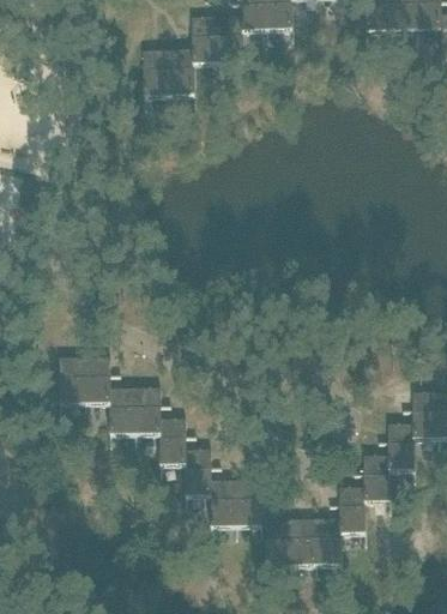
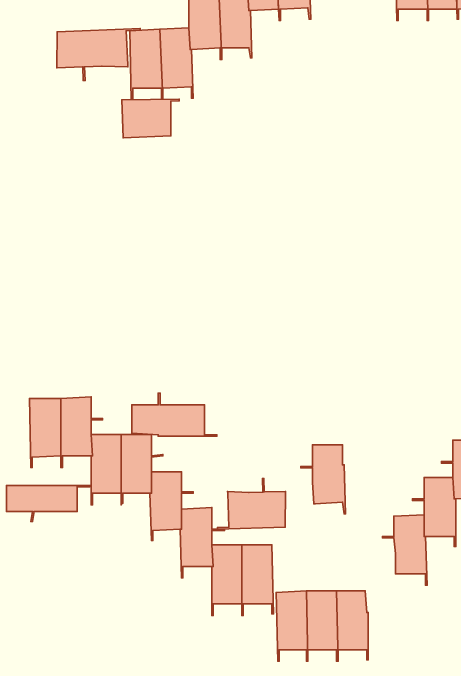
building: none -> [57,28,140,81]
building: none -> [122,99,179,138]
building: none -> [132,393,217,436]
building: none -> [217,478,285,529]
building: none -> [7,486,91,521]
building: [328,484,366,542] -> [301,445,345,514]

